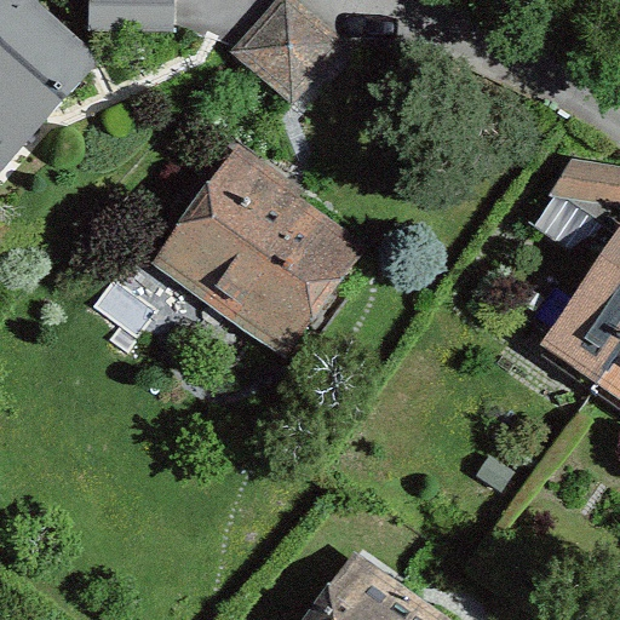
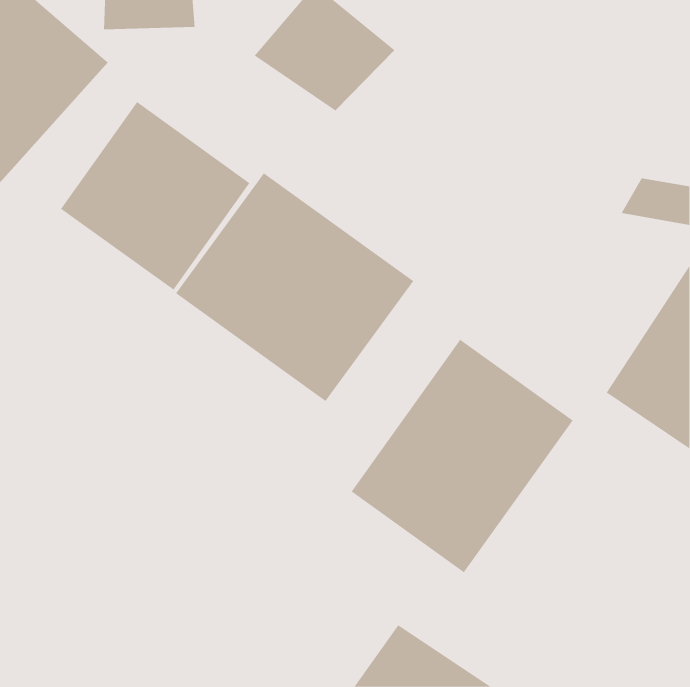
building: none -> [60,101,250,291]
building: none -> [351,339,573,573]

